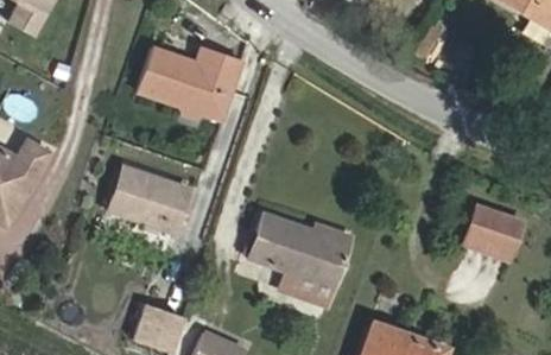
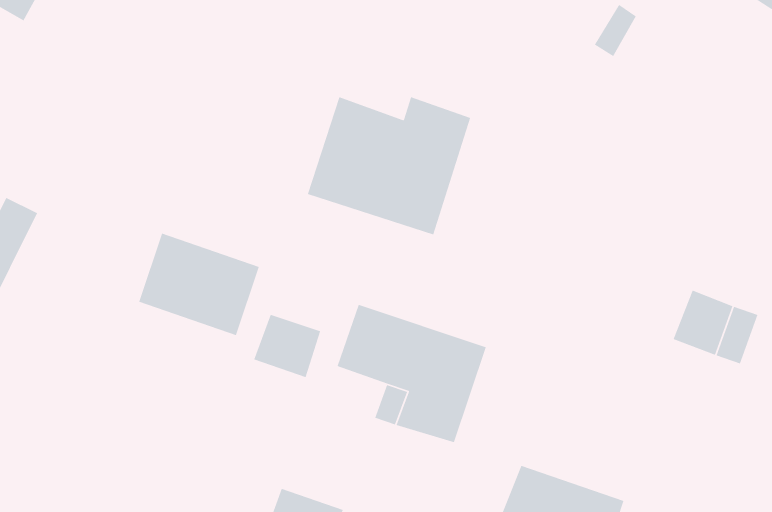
building: [137,33,246,126] -> [307,96,471,236]
building: none -> [253,314,321,378]
building: [138,305,183,347] -> none

